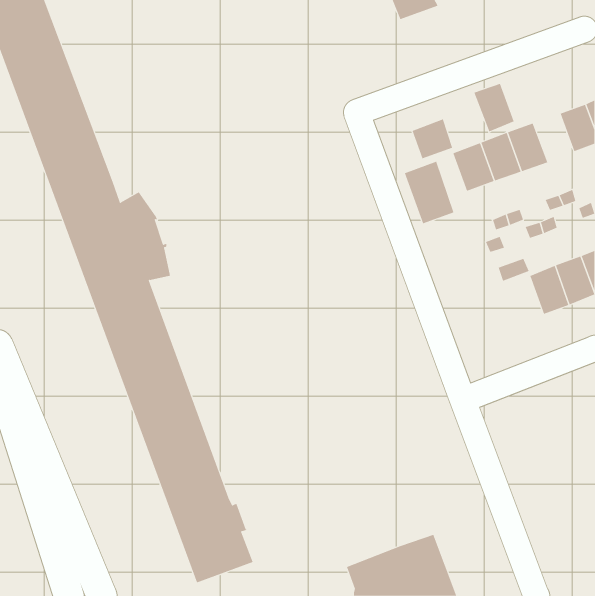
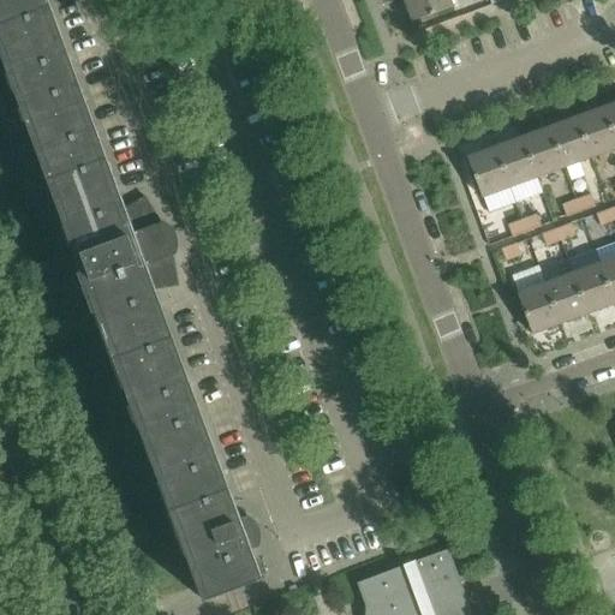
building: [473,83,514,132] -> [548,117,590,167]
building: [412,119,453,159] -> none
building: [404,161,454,224] -> none
building: none -> [515,283,559,334]

